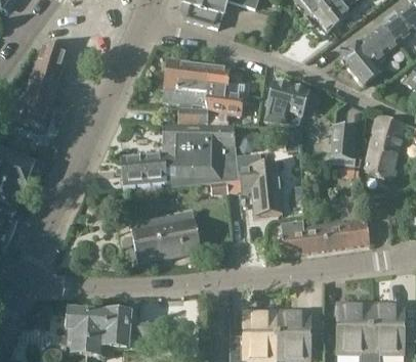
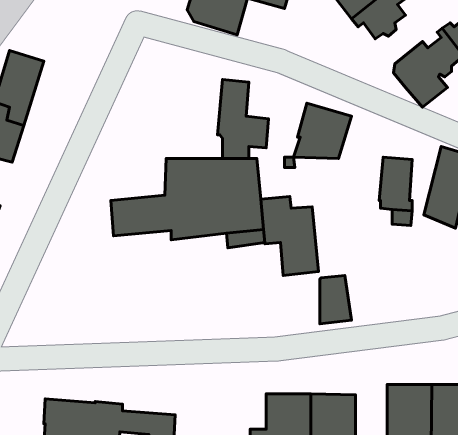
building: [165,58,209,124] -> none
building: [133,212,201,261] -> none
building: [306,216,371,251] -> none

